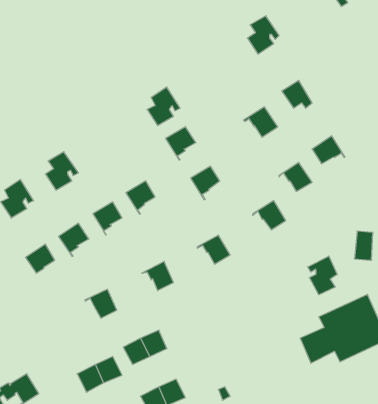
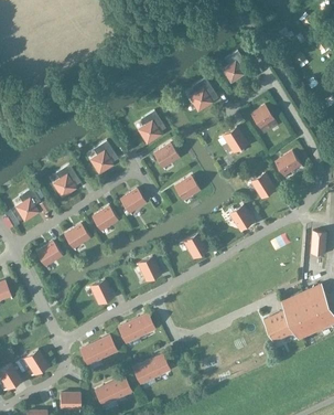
building: none -> [190,78,216,110]
building: none -> [90,140,117,173]
building: [308,256,337,295] -> none

